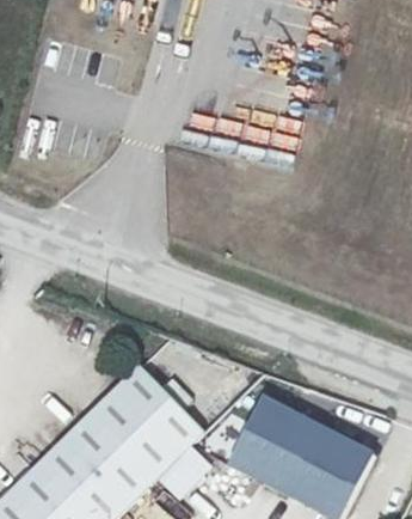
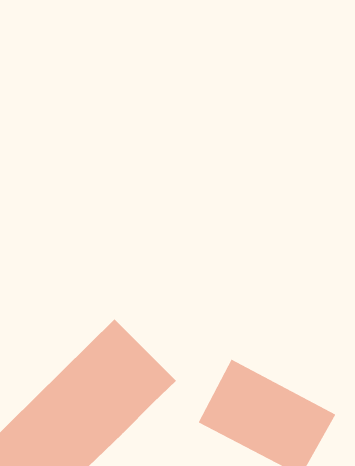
building: [153,444,208,499] -> none

